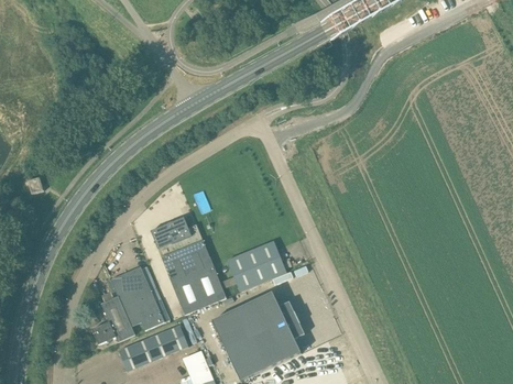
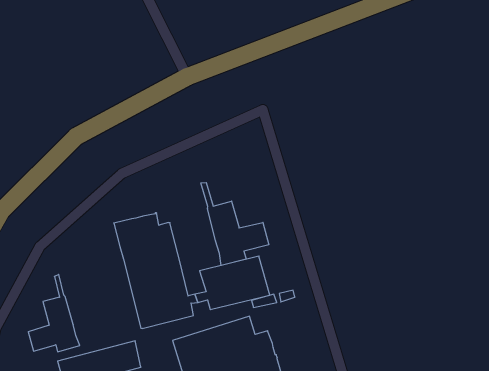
building: none -> [201,183,269,265]
building: [110,266,168,330] -> none

